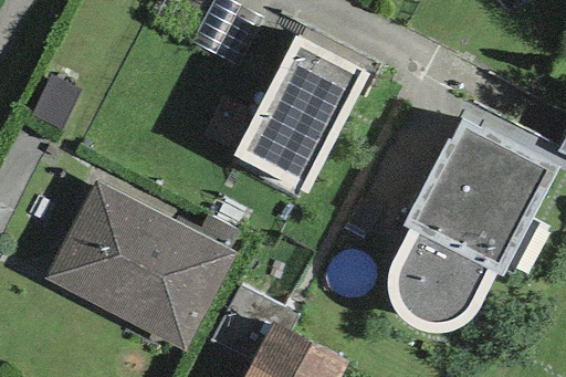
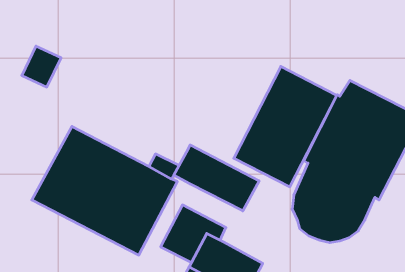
building: [233,34,369,193] -> [234,66,337,187]
building: none -> [174,145,259,211]

